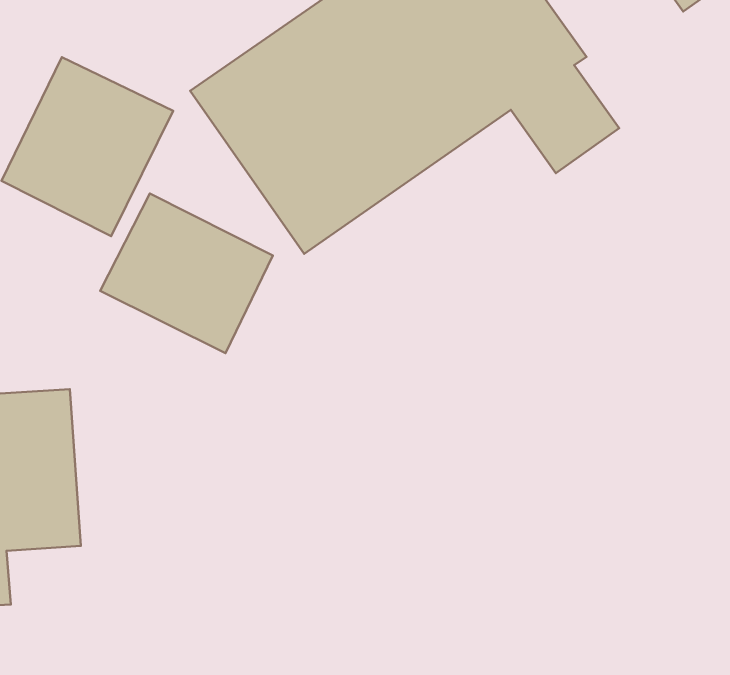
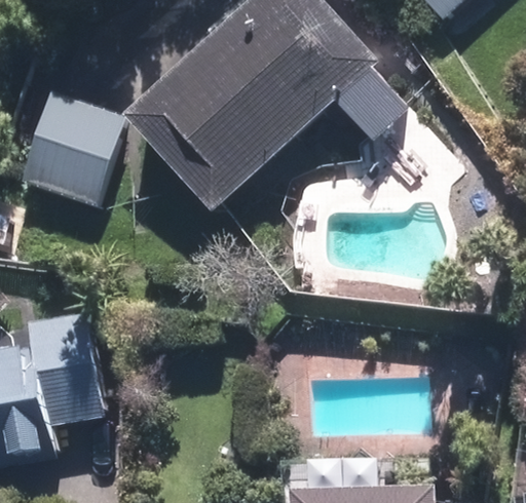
building: [100,193,273,353] -> none

